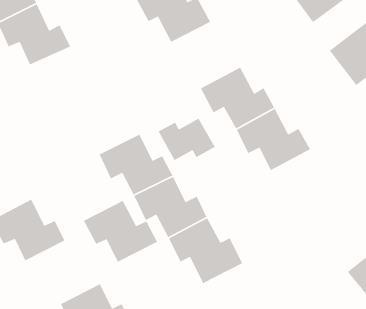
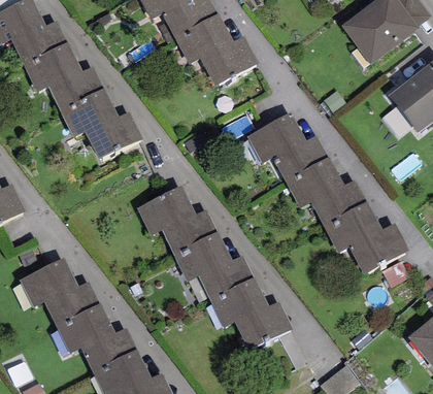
building: none -> [60,90,141,162]
building: [158,117,216,161] -> none
building: none -> [324,202,407,274]
building: [83,200,158,263] -> [55,302,137,371]

